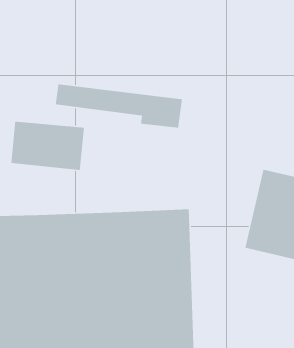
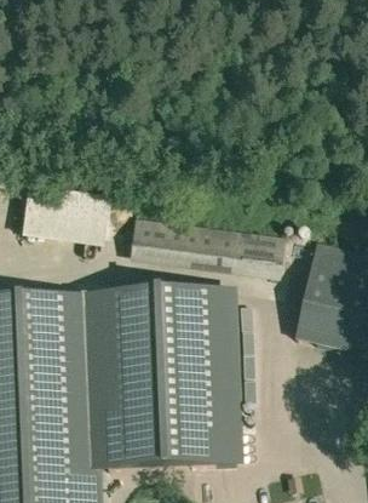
building: [55,84,183,128] -> [133,218,286,271]

